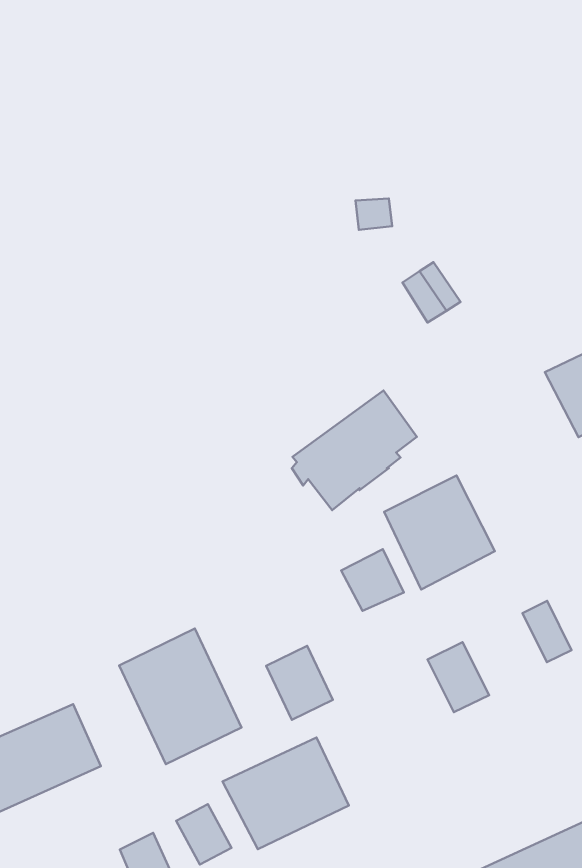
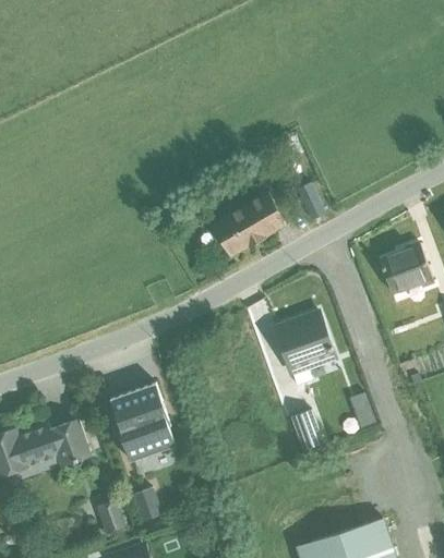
building: [292,391,417,510] -> [209,191,285,257]
building: [341,549,404,611] -> none
building: [266,646,333,720] -> none
building: [223,737,349,849] -> none

